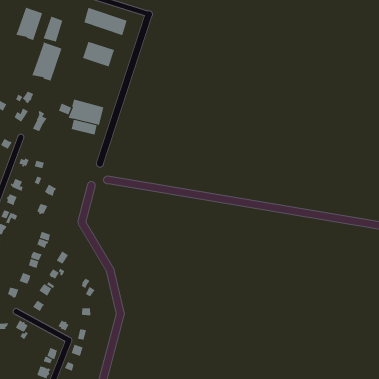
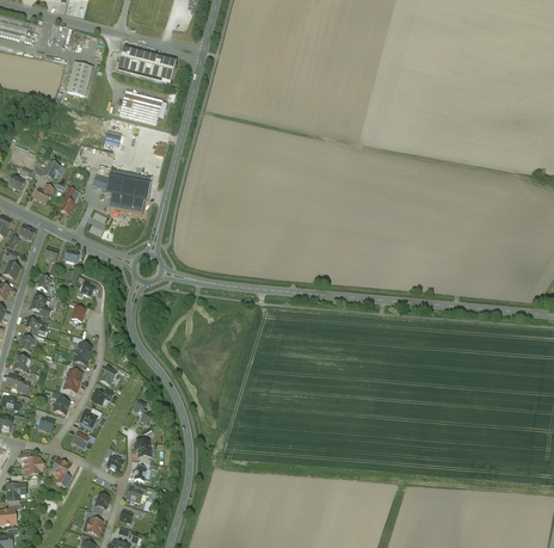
building: [16,7,43,41] -> none
building: [32,41,62,81] -> none

